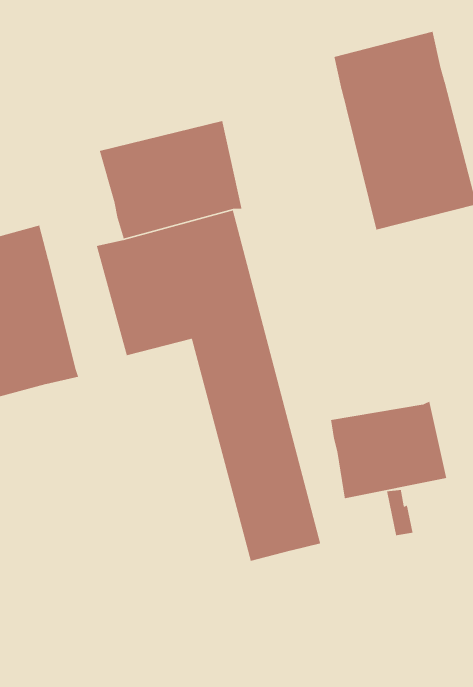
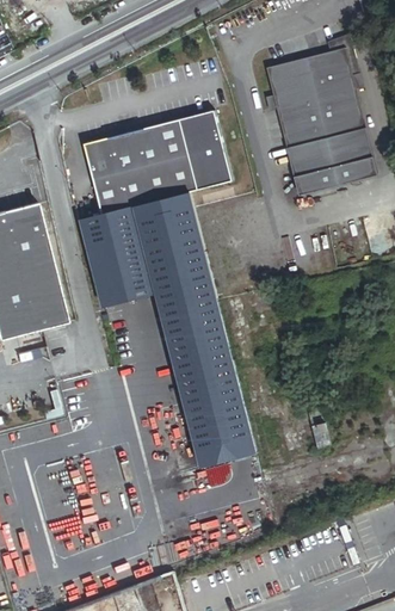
building: none -> [180,110,232,189]
building: [330,401,447,499] -> none

